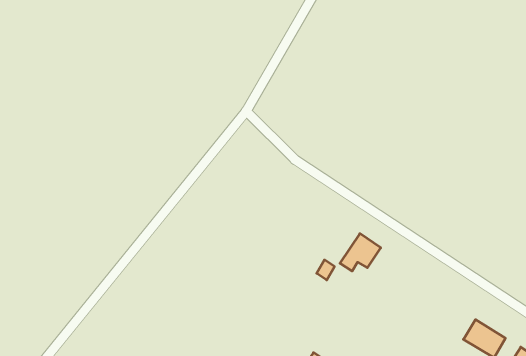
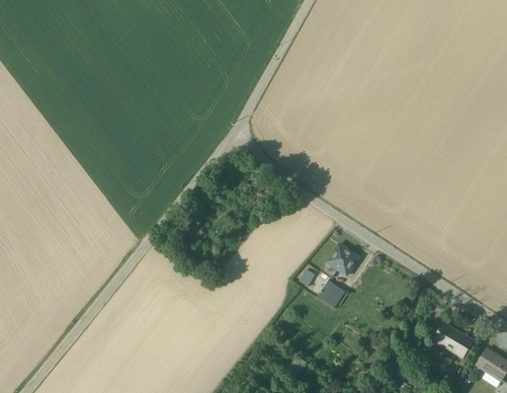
building: none -> [317,281,345,309]

